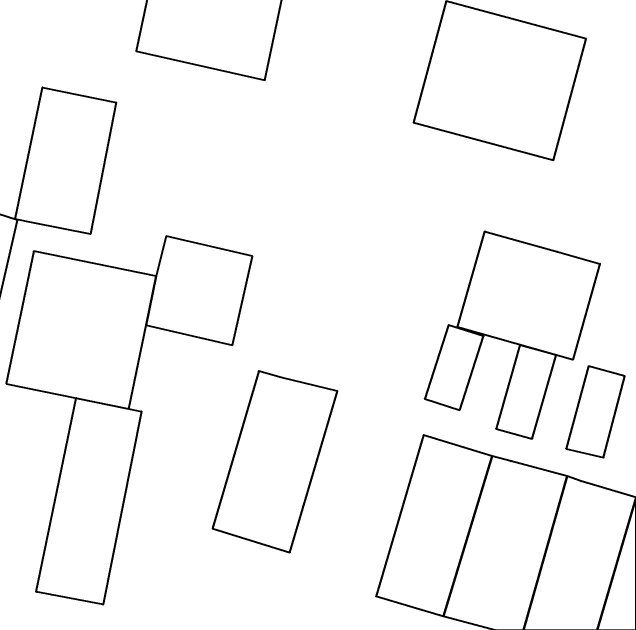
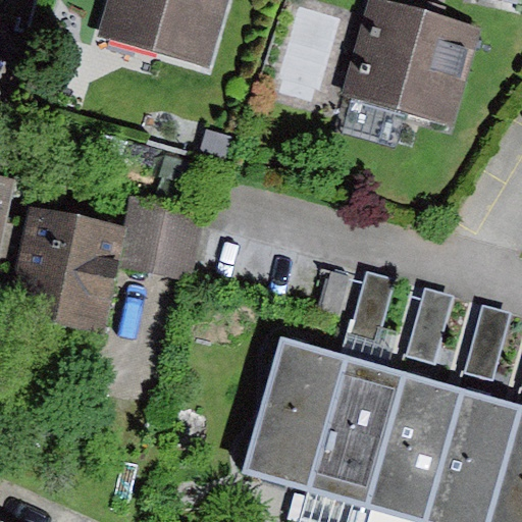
building: [15,87,116,234] -> none
building: [458,231,600,360] -> none
building: [213,371,337,552] -> [244,338,346,486]
building: [36,398,141,605] -> none

